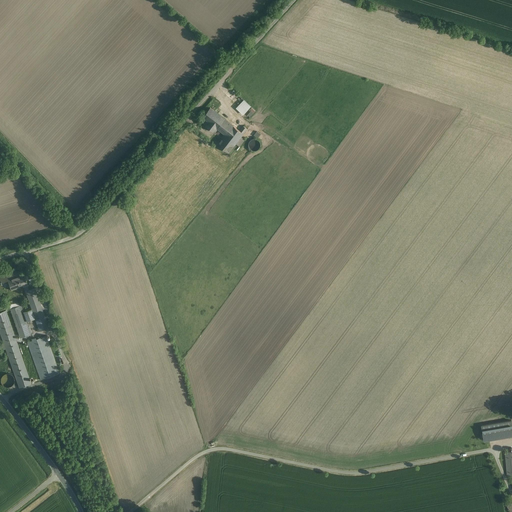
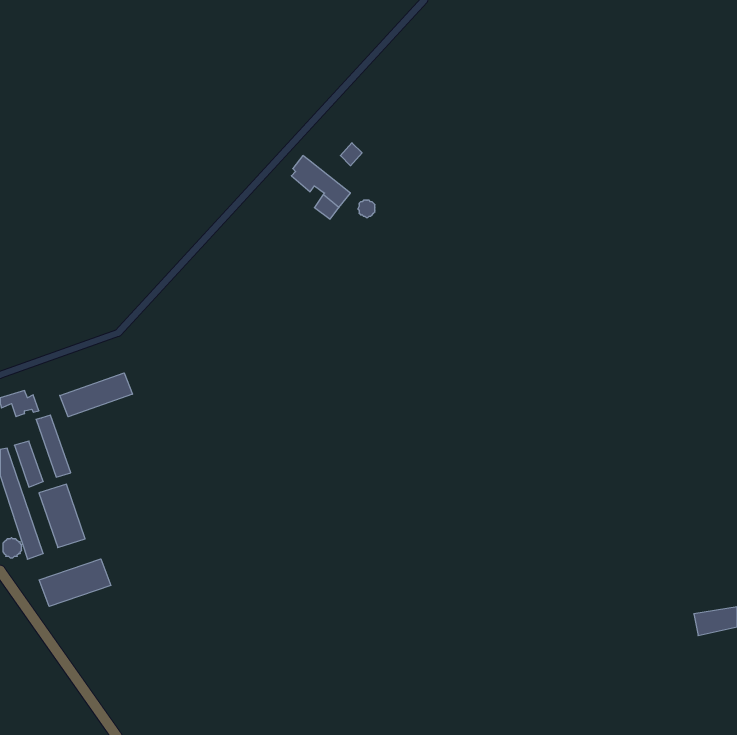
building: none -> [60,373,132,417]
building: none -> [39,559,111,606]

